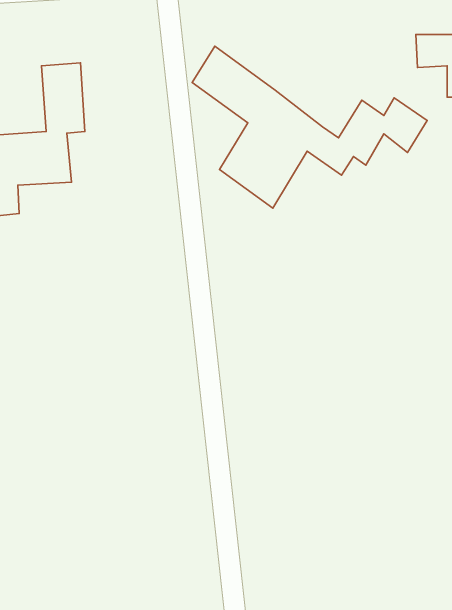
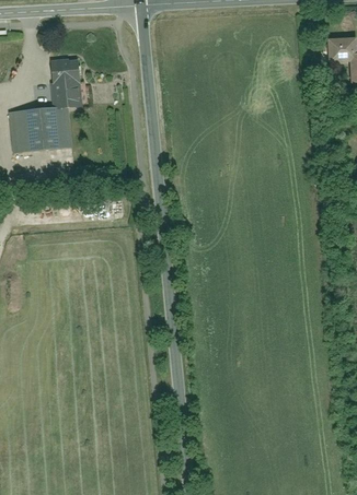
building: [192,46,427,208] -> none

